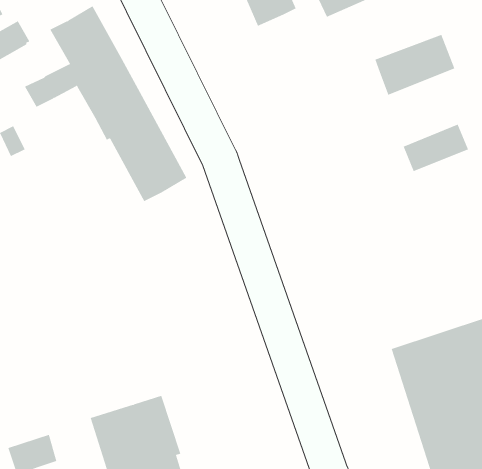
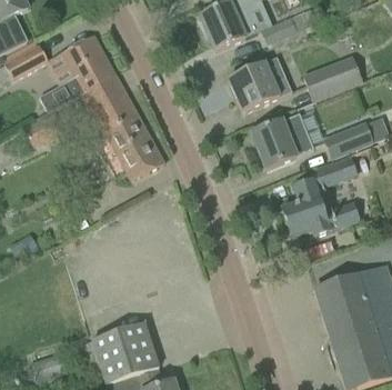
building: none -> [228,62,292,113]
building: none -> [251,113,313,168]
building: none -> [282,153,360,236]

